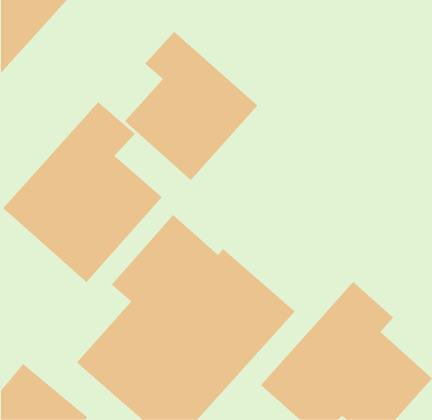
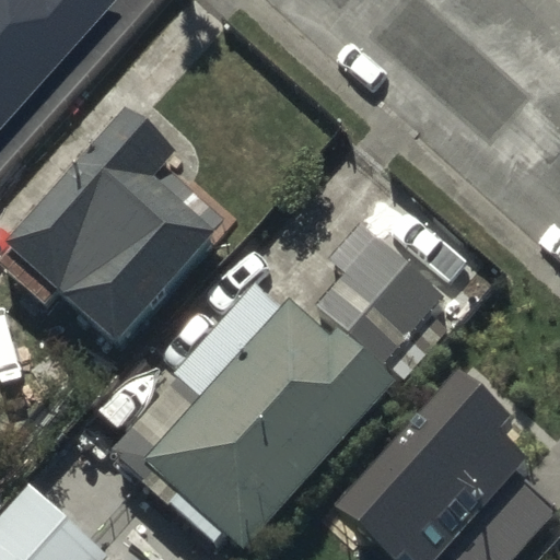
building: [124,31,258,181] -> none
building: none -> [318,222,450,372]

